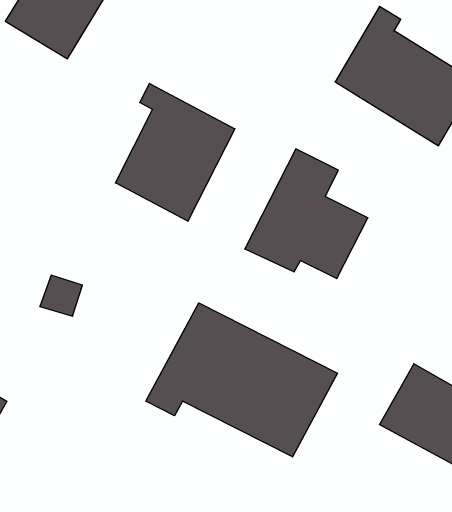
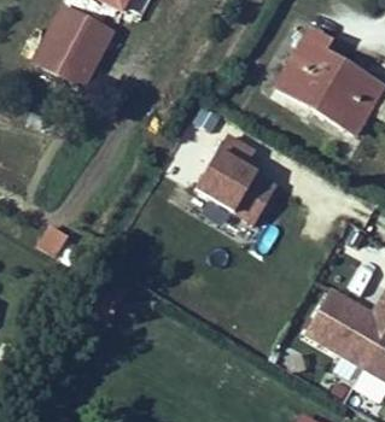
building: [115,83,235,221] -> none
building: [146,303,337,457] -> none

